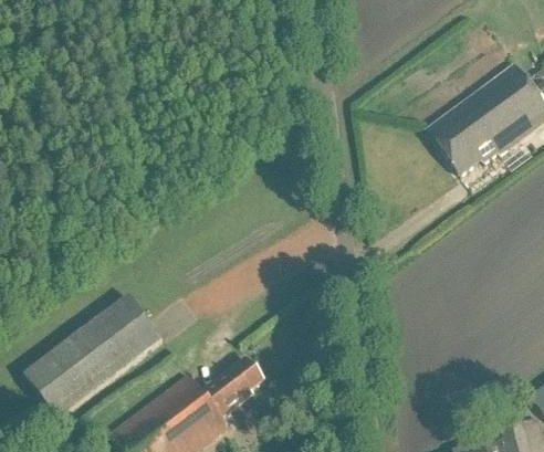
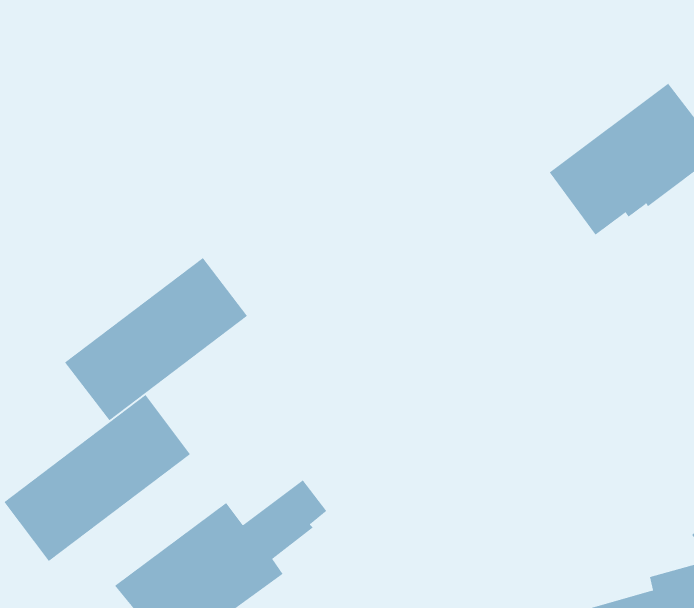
building: none -> [64,257,248,421]

